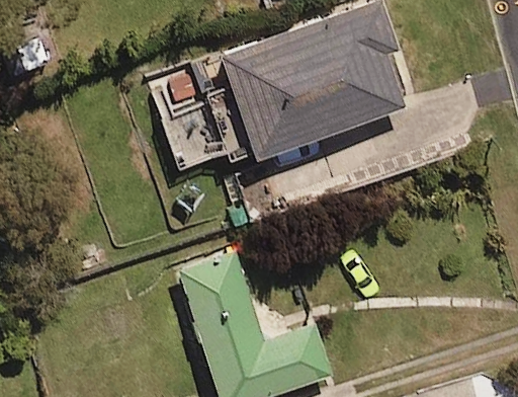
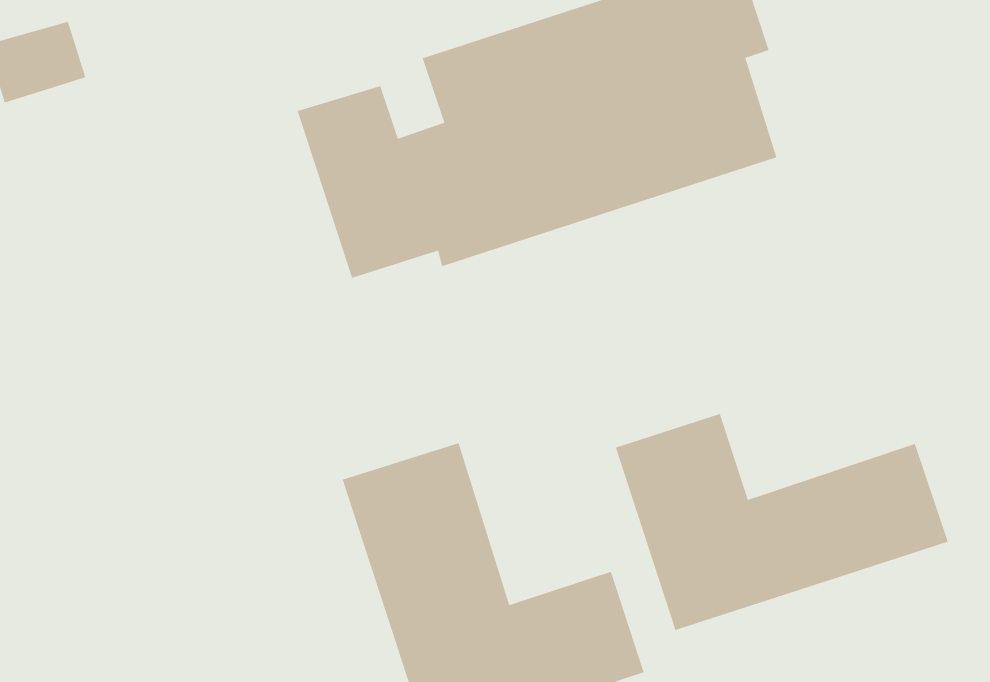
building: none -> [615,413,948,631]

